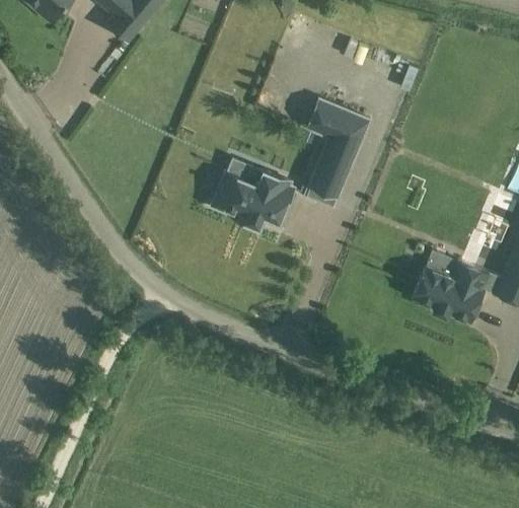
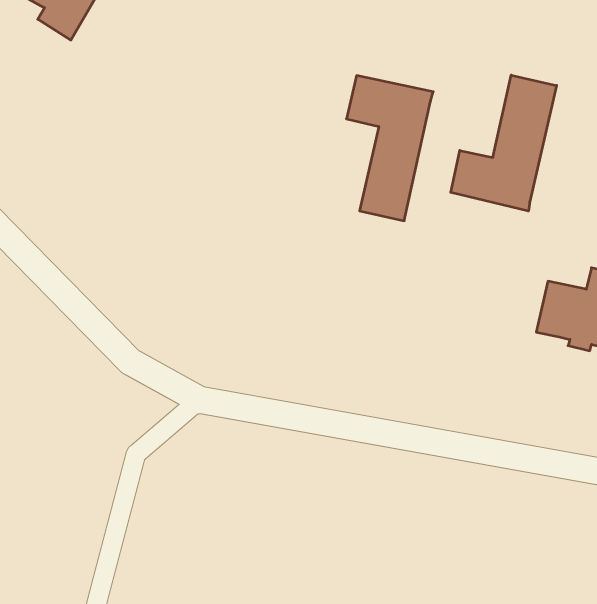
building: none -> [451,75,557,211]
building: [212,168,294,224] -> none

